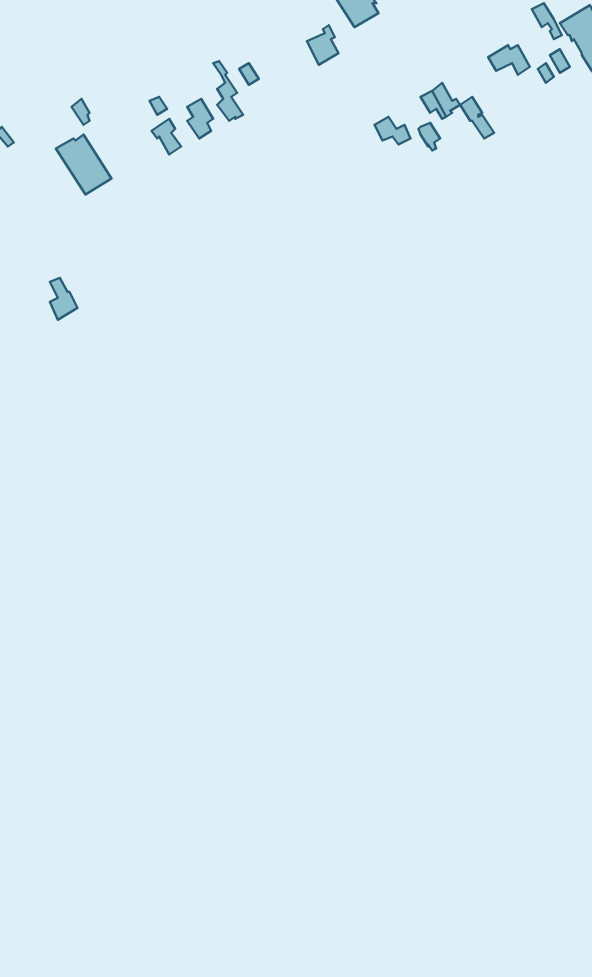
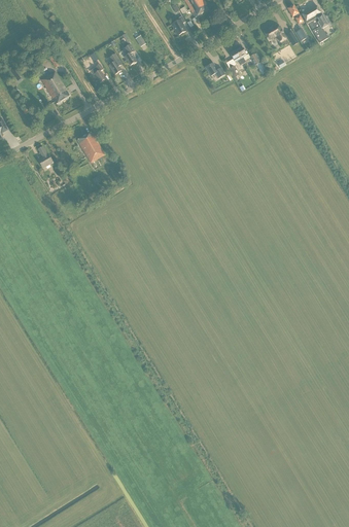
building: none -> [75,130,103,162]

